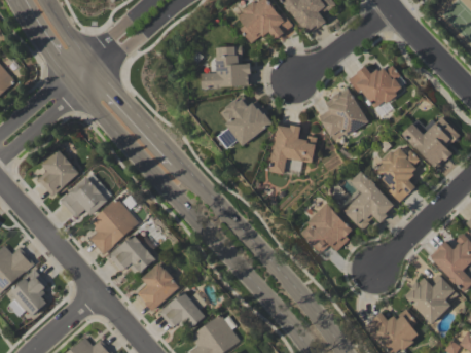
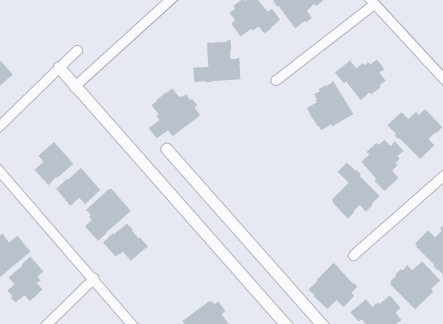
building: [216,95,271,148] -> [148,87,201,139]
building: [268,123,316,175] -> none
building: [299,205,352,254] -> [308,262,358,310]
building: [137,263,178,311] -> none
building: [157,291,205,330] -> none

